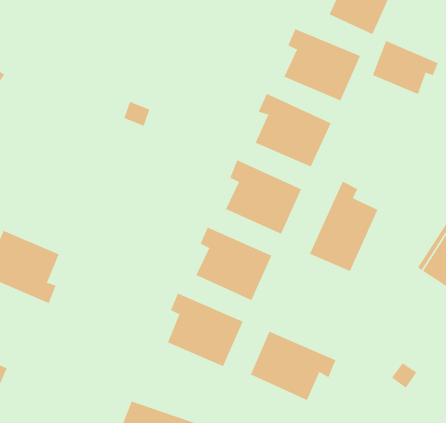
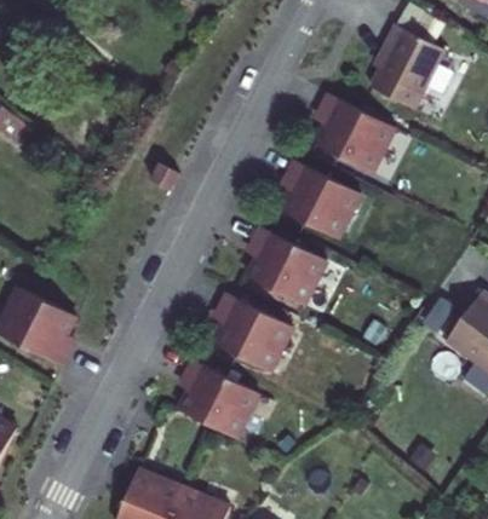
building: [372,40,439,95] -> none
building: [309,181,378,272] -> none
building: [250,331,336,401] -> none

